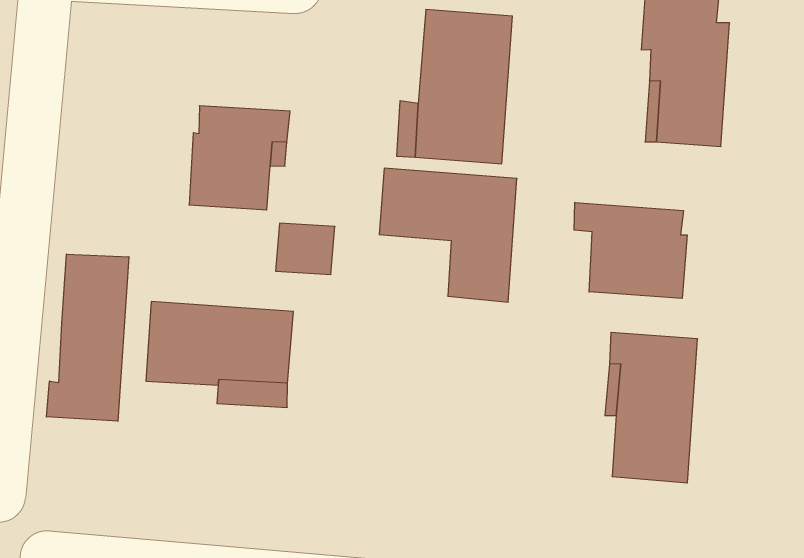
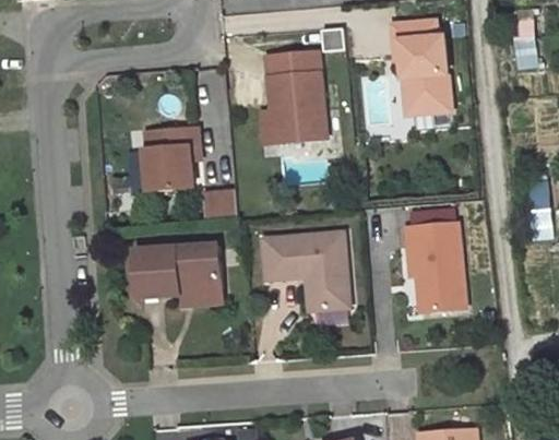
building: [379,168,517,302] -> [263,233,348,308]
building: [574,202,687,298] -> none
building: [46,254,129,421] -> none

